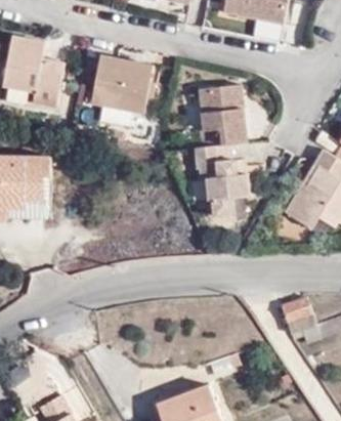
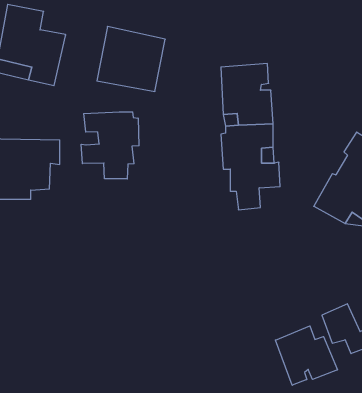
building: none -> [81,112,139,179]
building: none -> [275,326,337,385]

